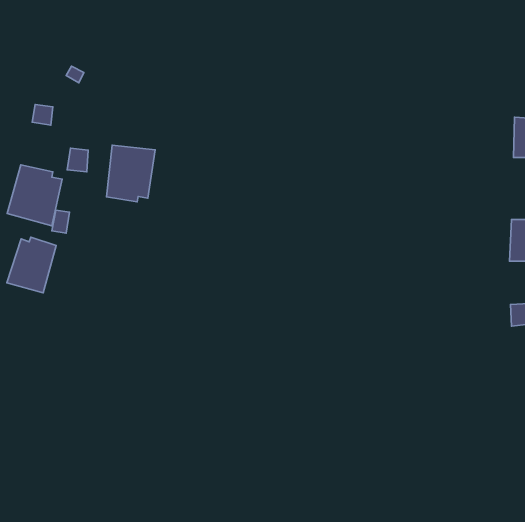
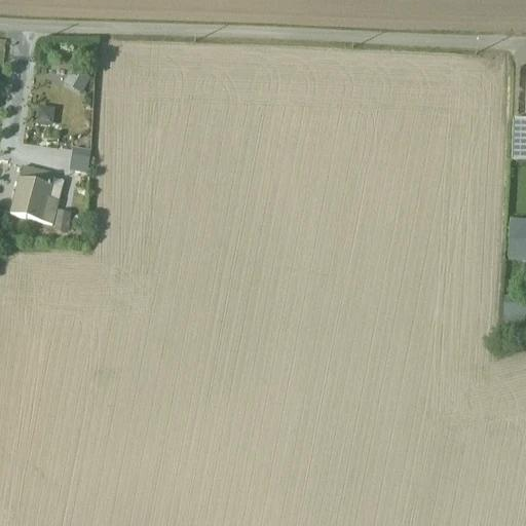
building: [107,145,155,202] -> none
building: [7,237,56,293] -> none

